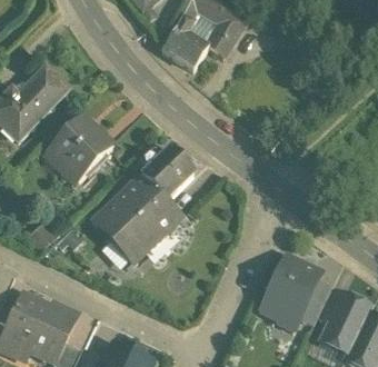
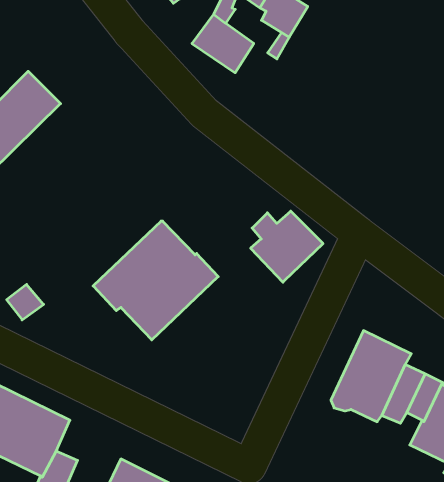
building: [52,117,113,184] -> none
building: [142,149,195,200] -> [251,211,323,282]

